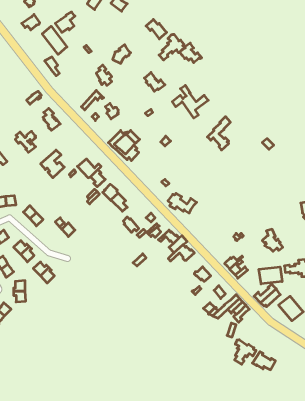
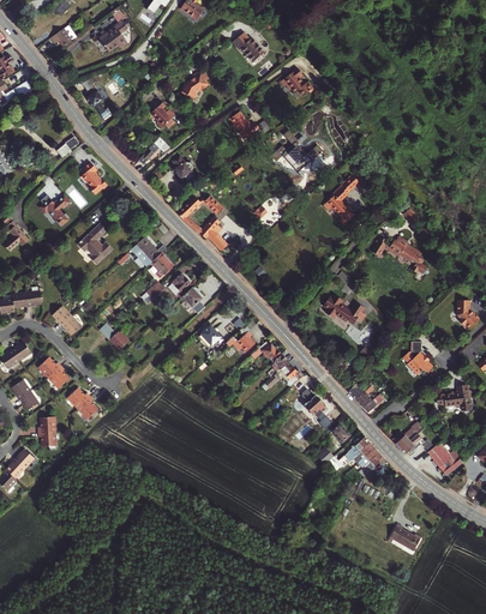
building: [42,26,67,54] -> none
building: [159,34,185,60] -> none
building: none -> [372,236,427,273]
building: [168,193,197,213] -> [323,295,365,324]
building: [259,267,282,284] -> none
building: [235,340,256,364] -> none

